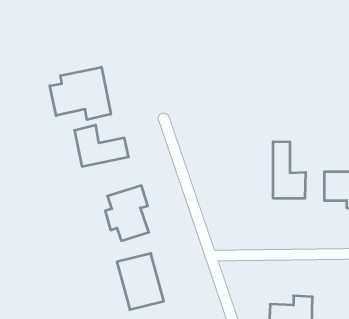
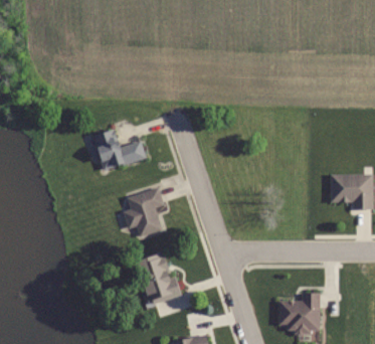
building: [50,67,111,120] -> none
building: [273,142,306,198] -> none

